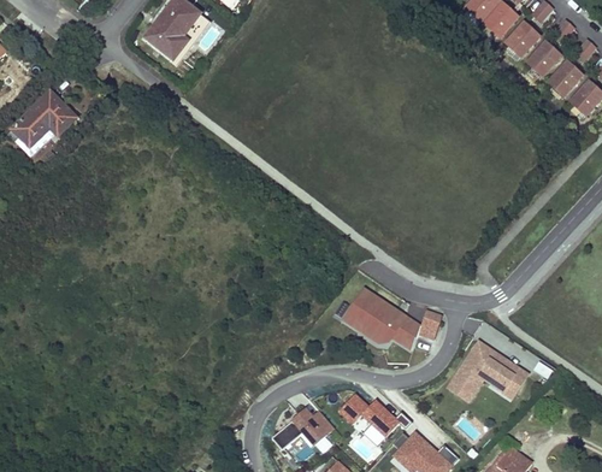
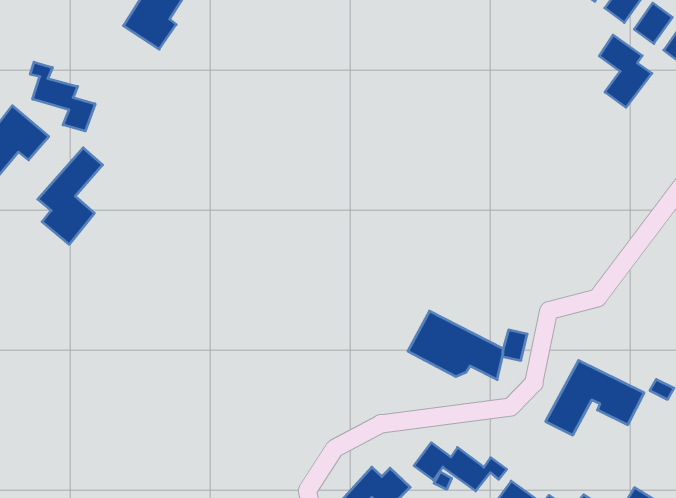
building: none -> [30,62,95,131]
building: none -> [599,35,652,107]
building: none -> [38,148,103,244]

